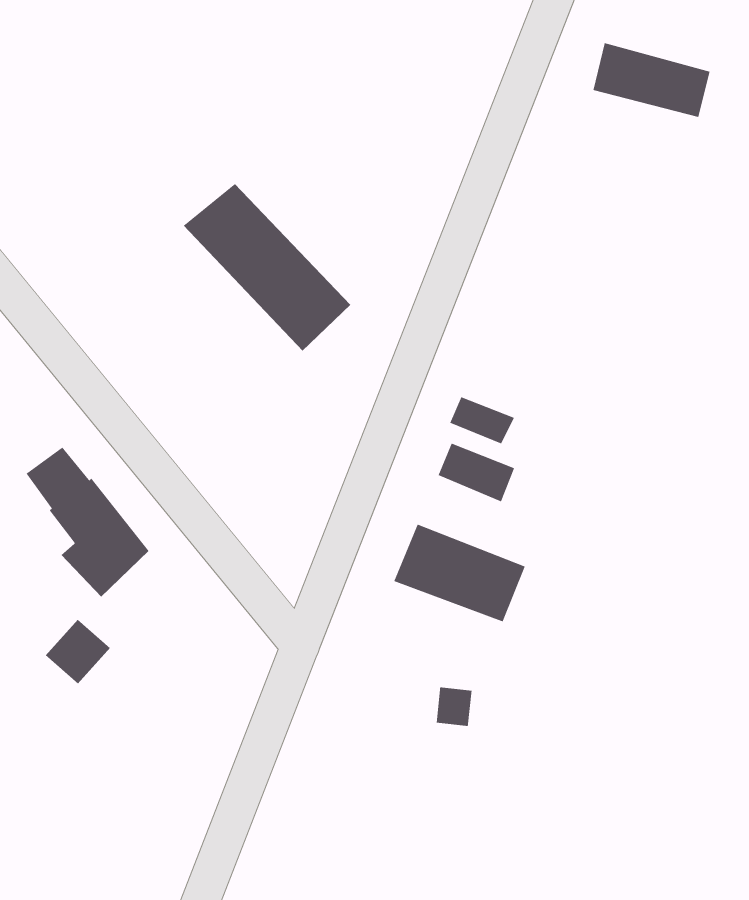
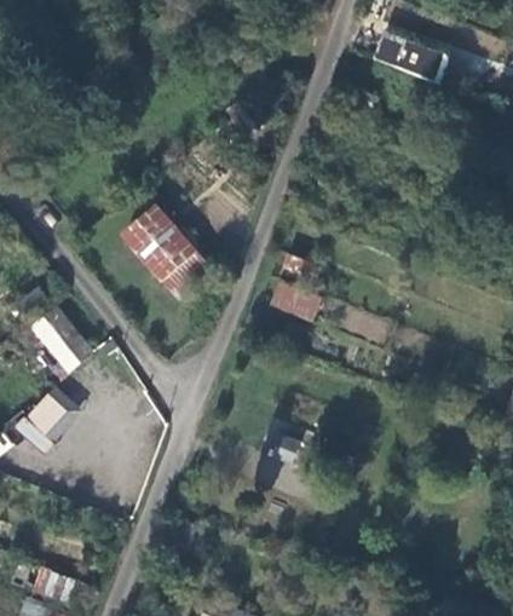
building: [183,183,351,351] -> [109,195,214,300]
building: [393,523,526,622] -> none

